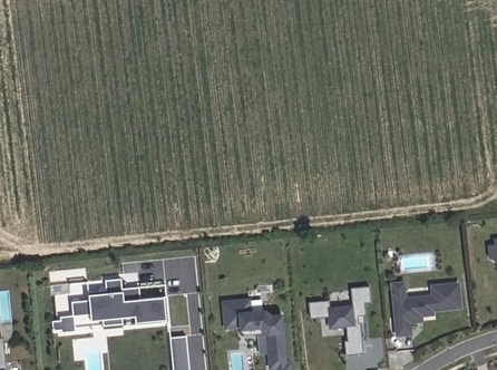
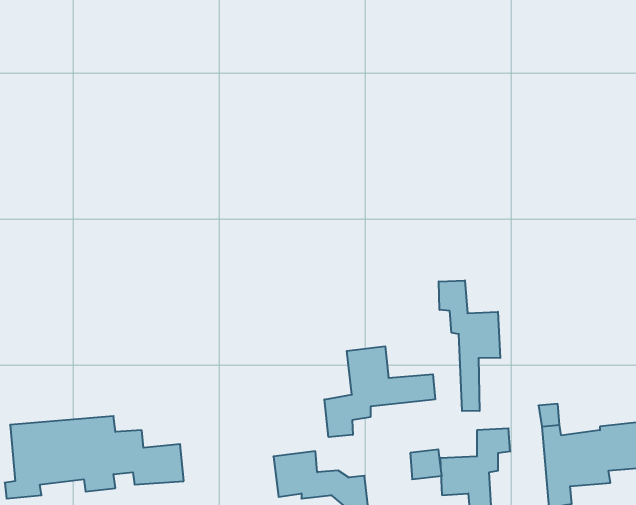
building: none -> [439,280,500,411]
building: none -> [324,346,435,437]

